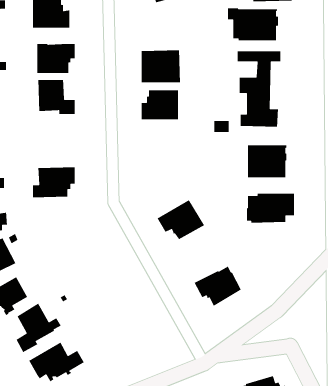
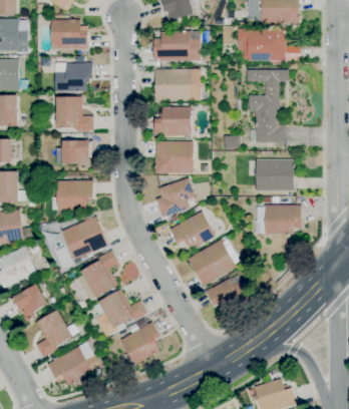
building: none -> [153,31,201,60]
building: none -> [55,139,92,166]
building: none -> [154,140,193,172]
building: none -> [155,176,196,217]
building: none -> [61,215,108,260]
building: none -> [187,239,236,285]
building: none -> [77,250,118,300]
building: none -> [94,289,146,336]
building: none -> [119,322,159,366]

